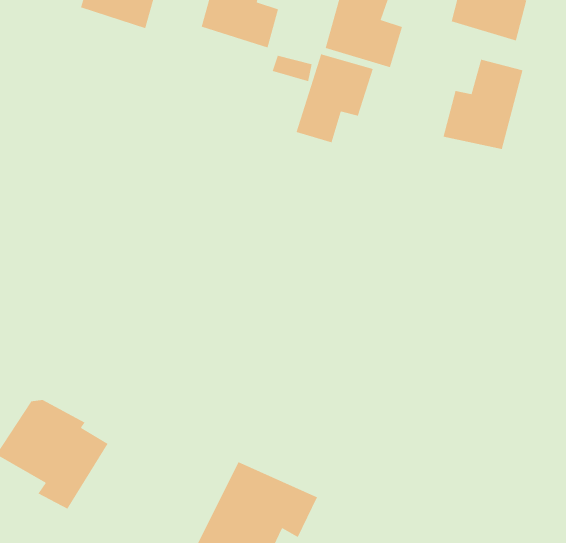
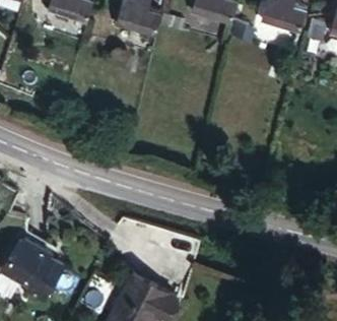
building: [296,53,373,143] -> none
building: [443,59,523,150] -> none

